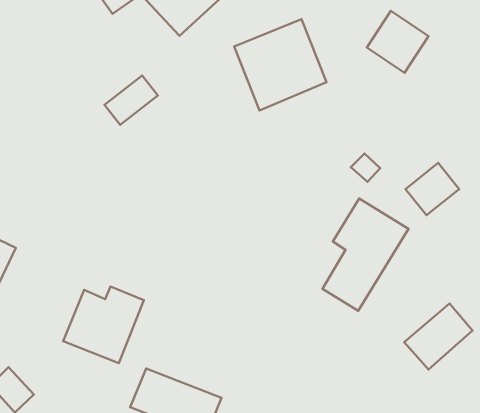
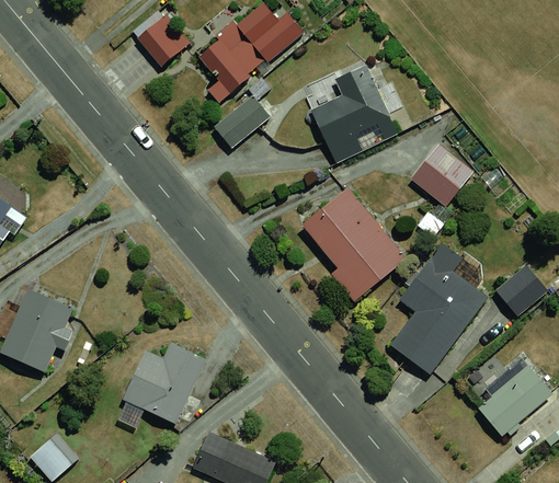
building: [367,11,429,73] -> [409,142,474,207]
building: [104,76,158,125] -> [224,96,280,148]
building: none -> [303,189,404,303]
building: [406,163,459,215] -> [494,265,550,320]

